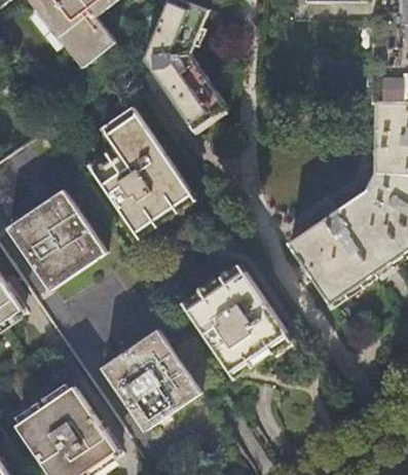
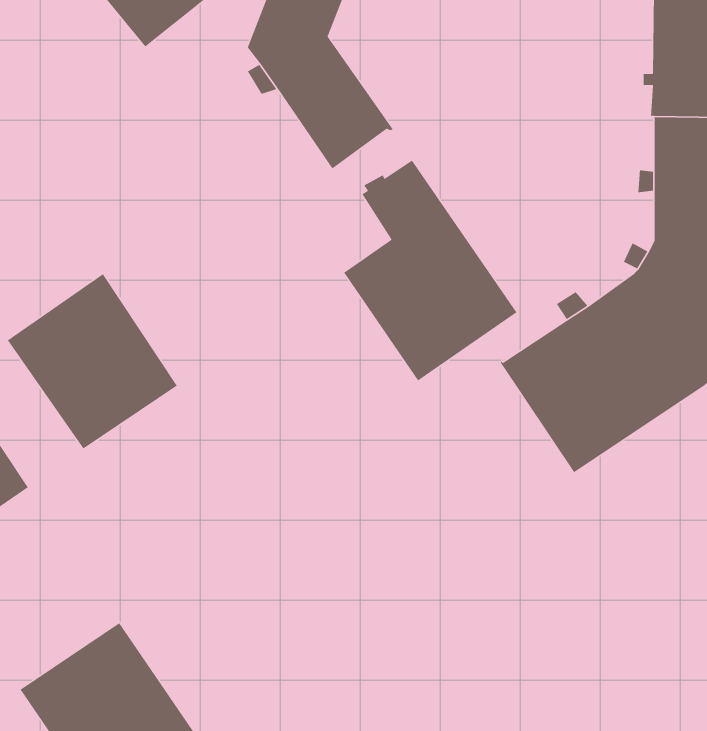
building: [92,108,191,233] -> [343,160,518,381]
building: [187,271,288,372] -> none
building: [103,330,201,431] -> none

